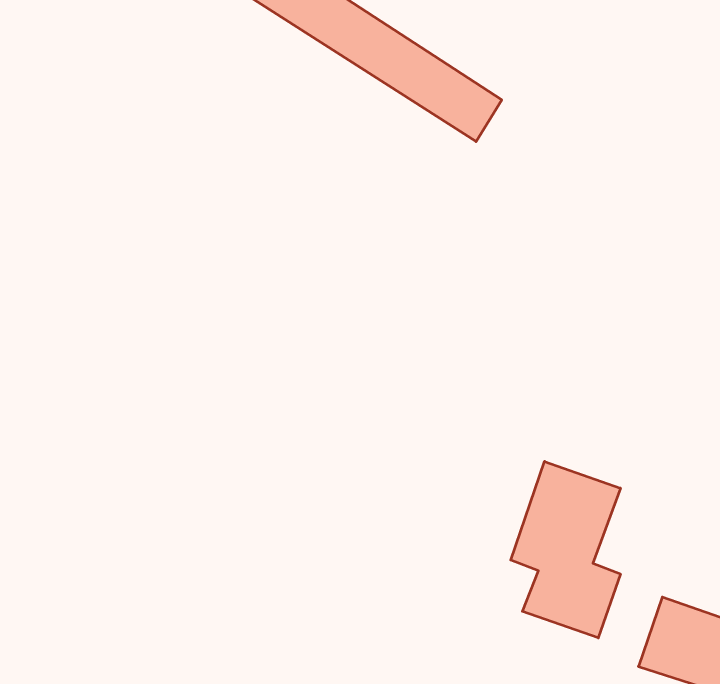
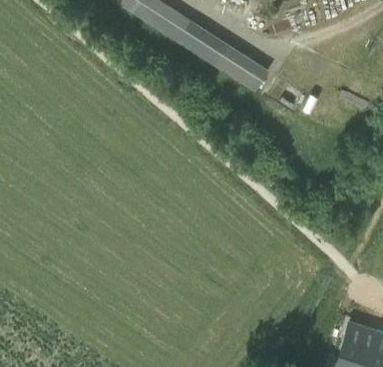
building: [511,461,620,638] -> none

